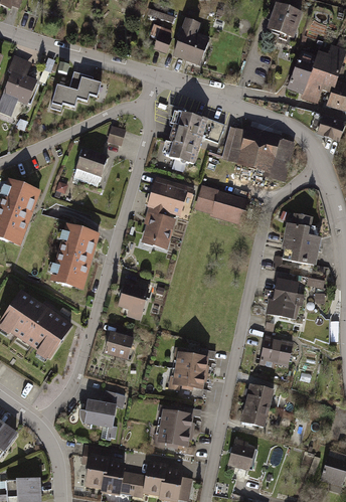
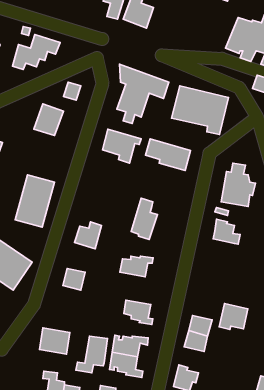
building: [145,202,174,248] -> [131,198,157,240]
building: [264,289,298,319] -> none
building: [261,337,293,366] -> [219,304,248,330]
building: [176,350,213,373] -> [120,256,153,277]
building: none -> [76,336,108,373]

